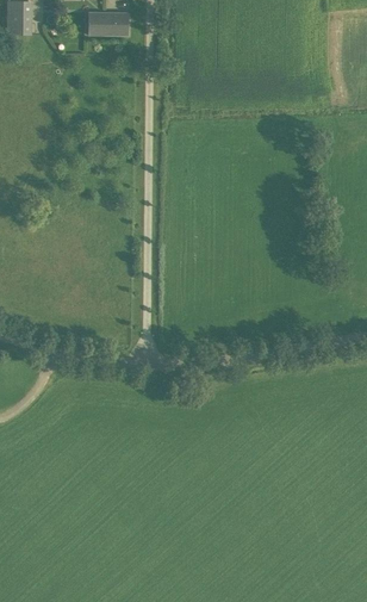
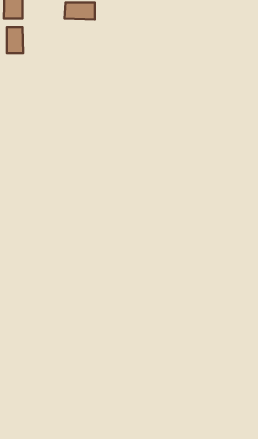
building: none -> [7,27,23,53]

